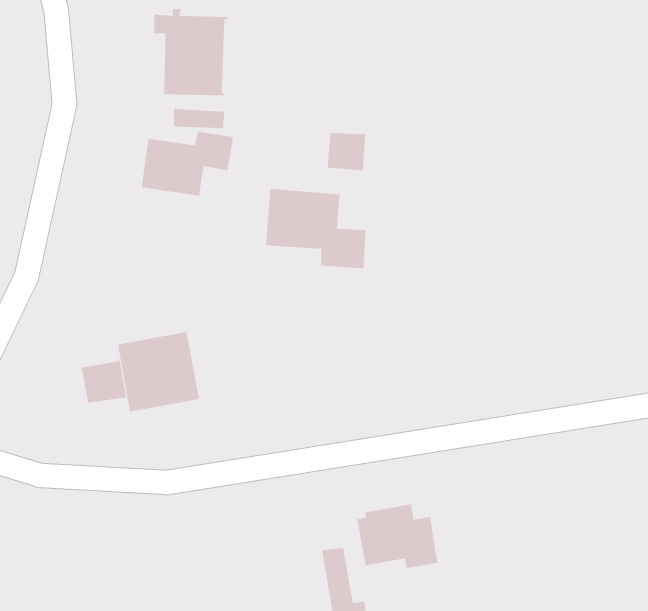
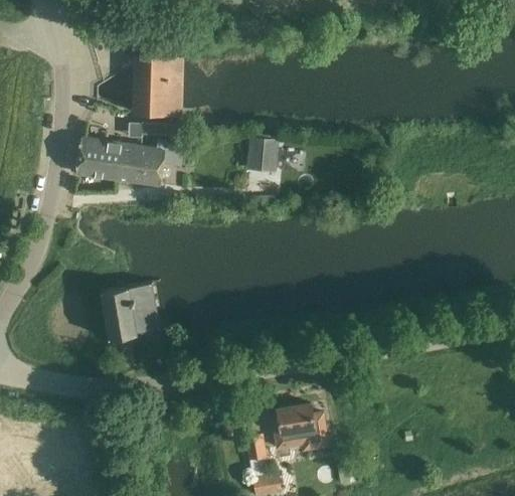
building: none -> [75,139,123,180]
building: [265,188,366,269] -> none
building: [81,360,127,403] -> none

